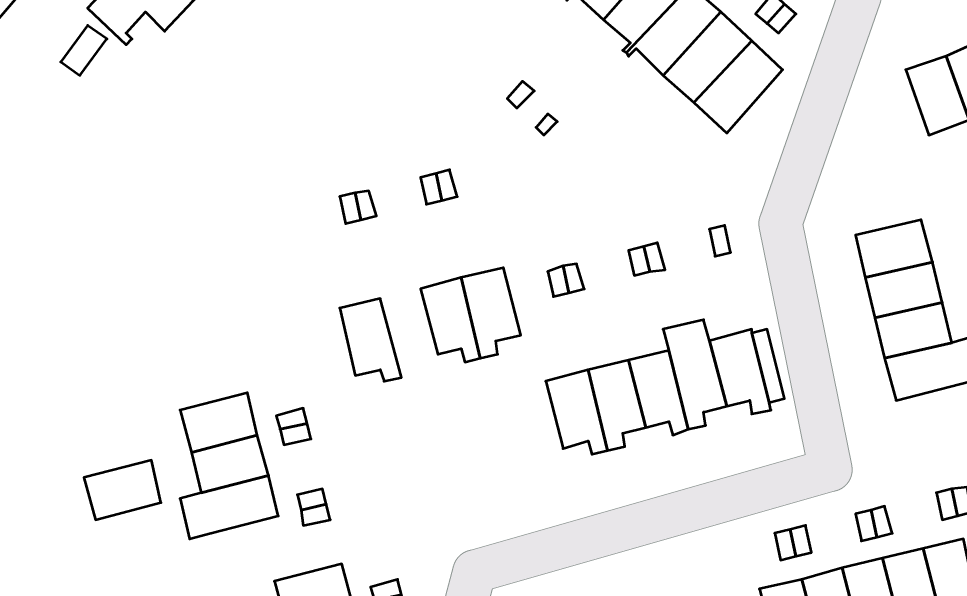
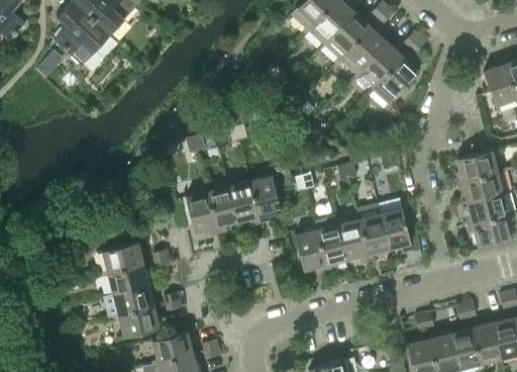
building: none -> [207,187,237,234]
building: [84,460,161,520] -> [118,306,159,338]

